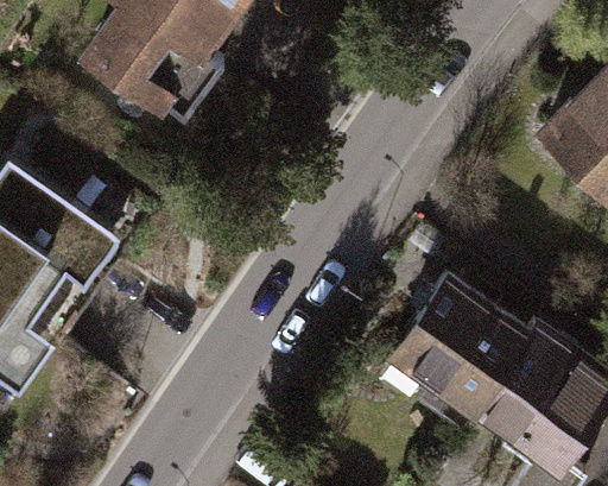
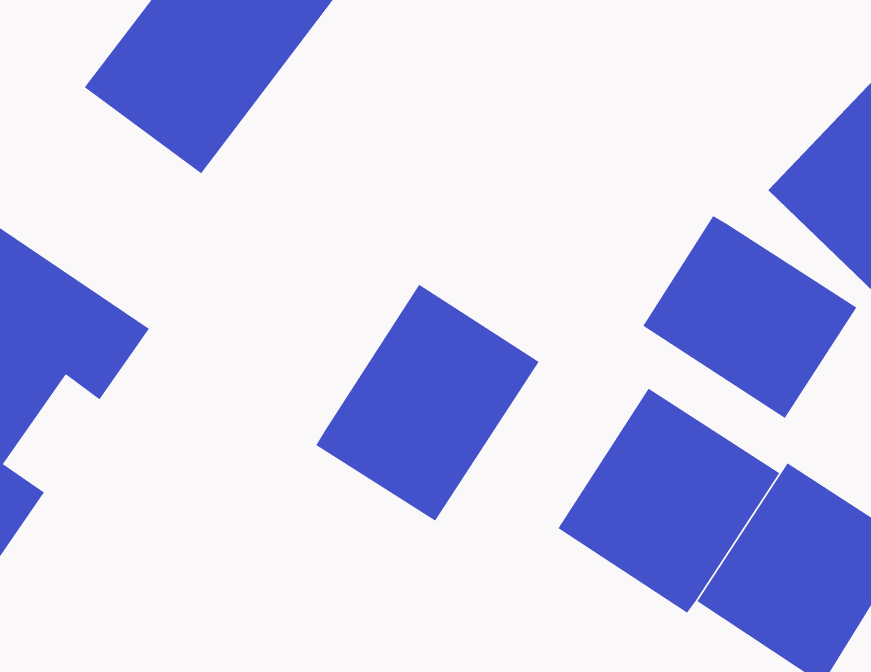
building: none -> [642,215,857,419]
building: none -> [315,284,539,522]

